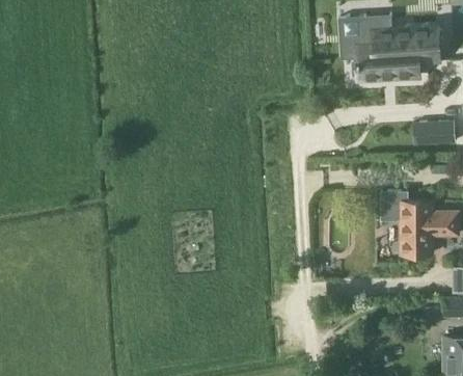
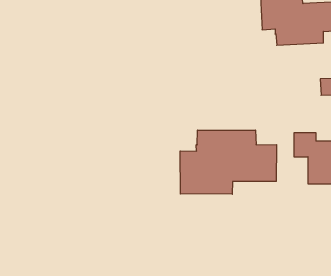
building: none -> [180,130,276,194]

